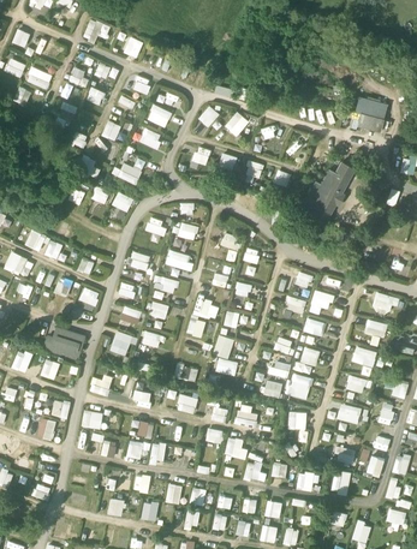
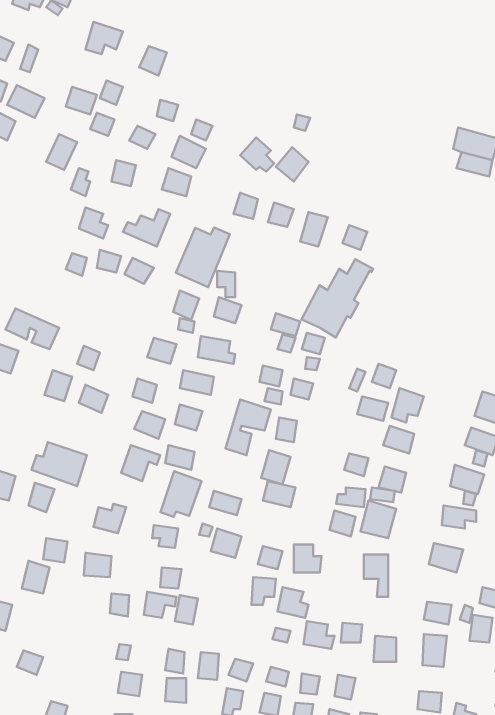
building: [302,162,355,220] -> [302,259,373,337]
building: none -> [176,227,230,287]
building: none -> [161,471,201,517]

